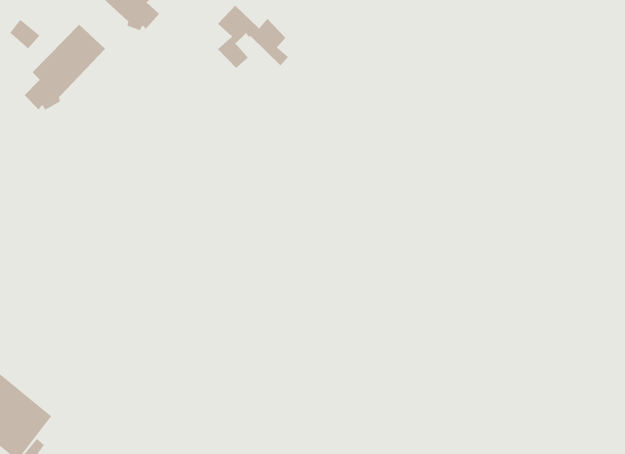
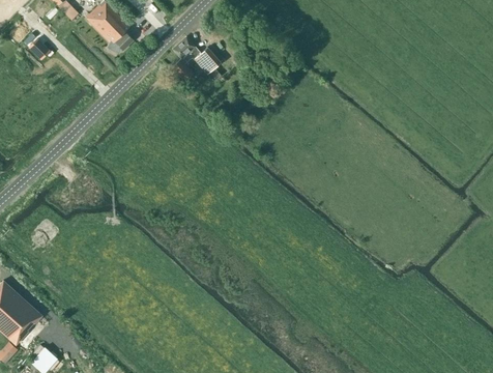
building: [24,24,106,111] -> none

